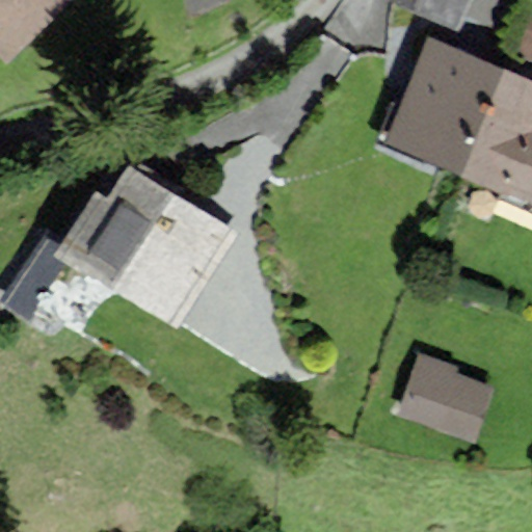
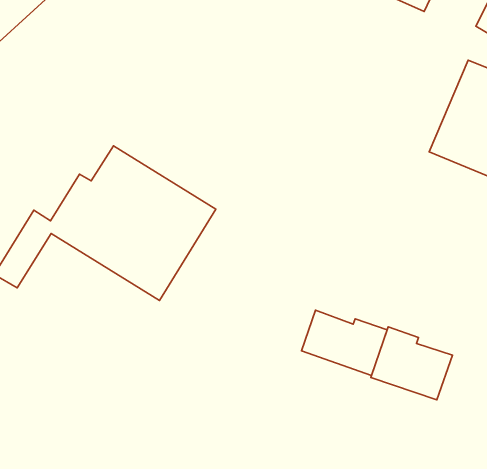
building: [390,42,506,170] -> none
building: none -> [301,310,387,376]

